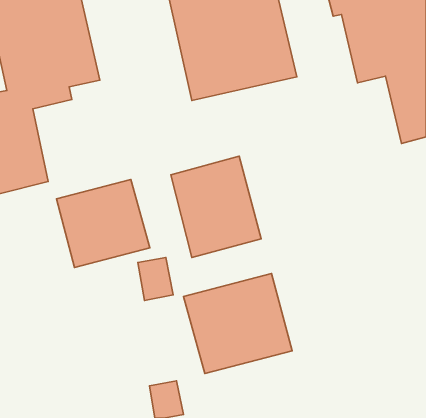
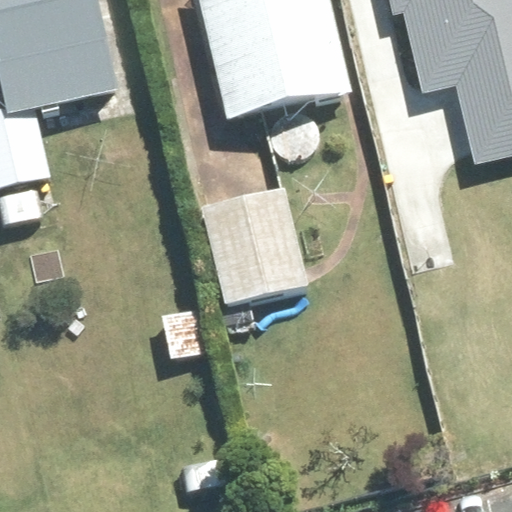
building: [56,180,150,268] -> none
building: [183,273,292,374] -> none

